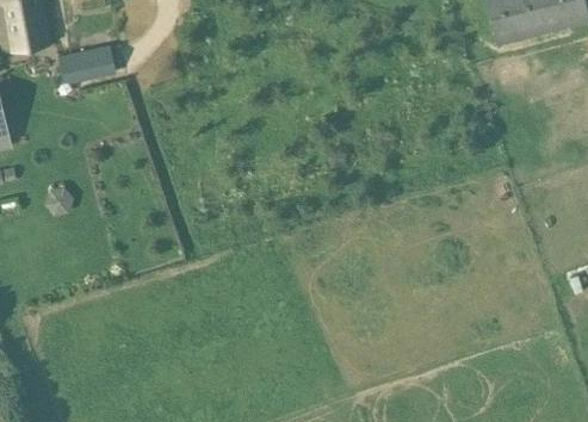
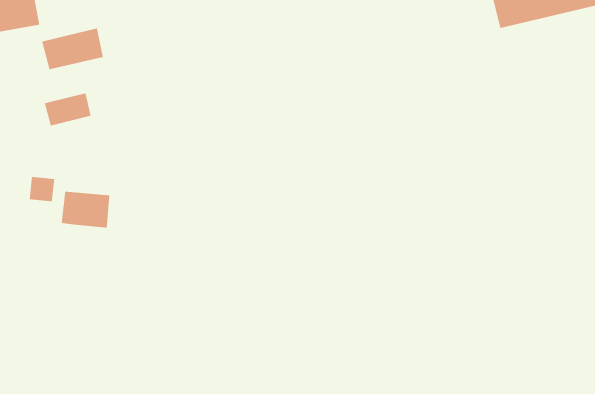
building: none -> [44,92,91,127]
building: none -> [61,191,110,229]

